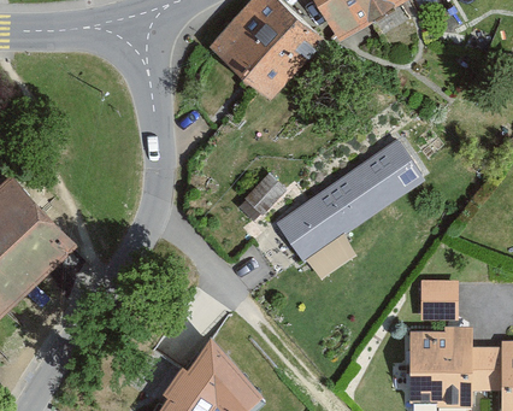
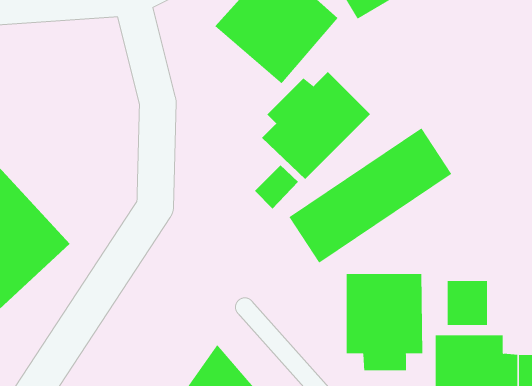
building: none -> [261,71,371,180]
building: none -> [346,273,423,371]

